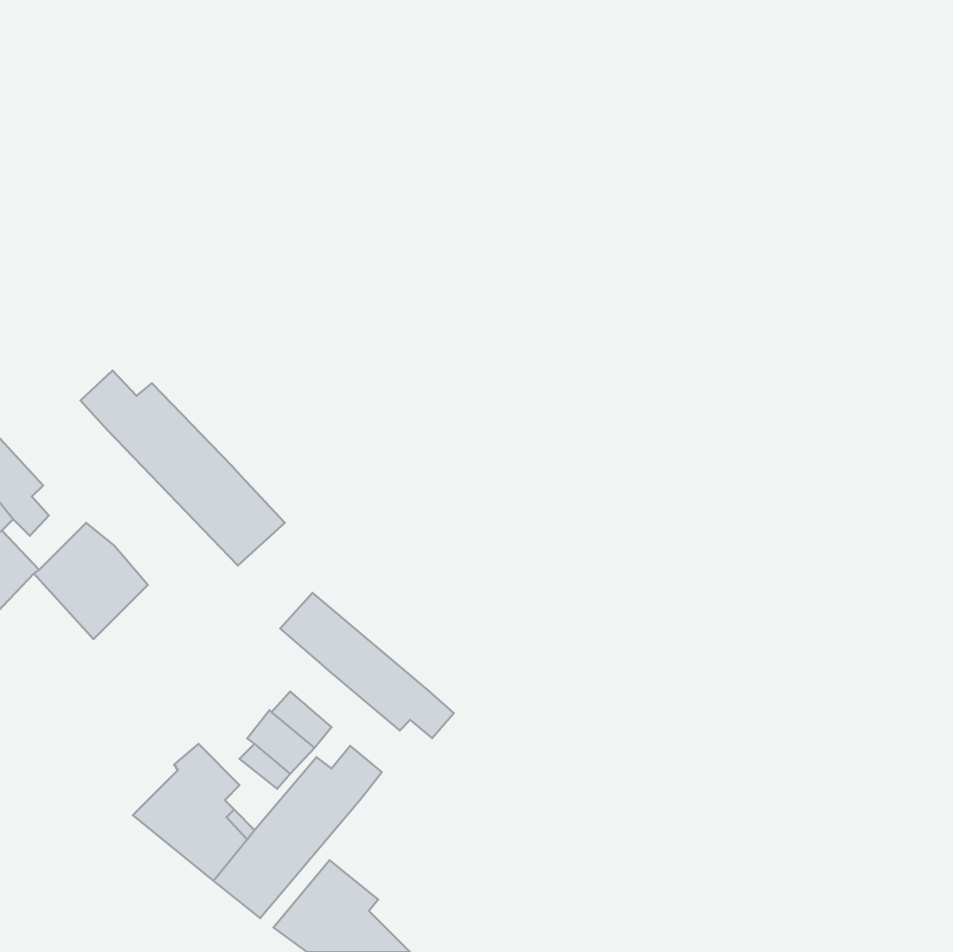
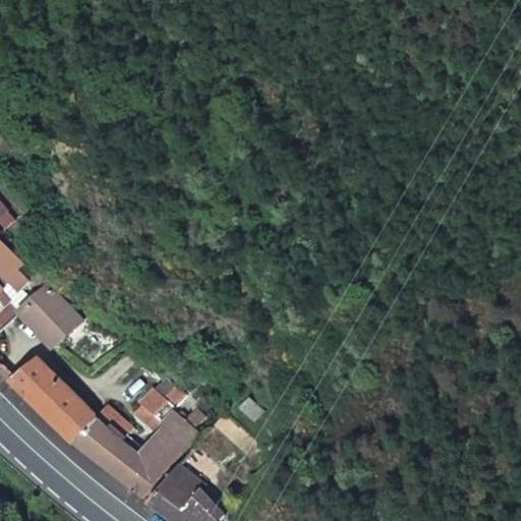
building: [81,371,285,565] -> none
building: [280,593,454,738] -> none
building: none -> [10,356,97,443]

